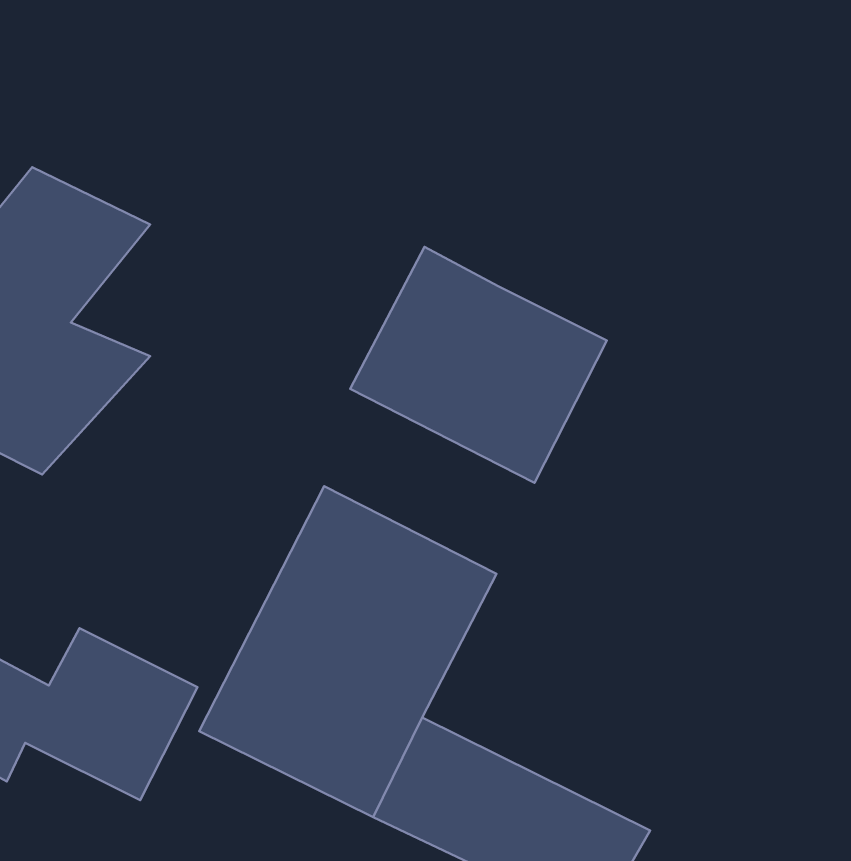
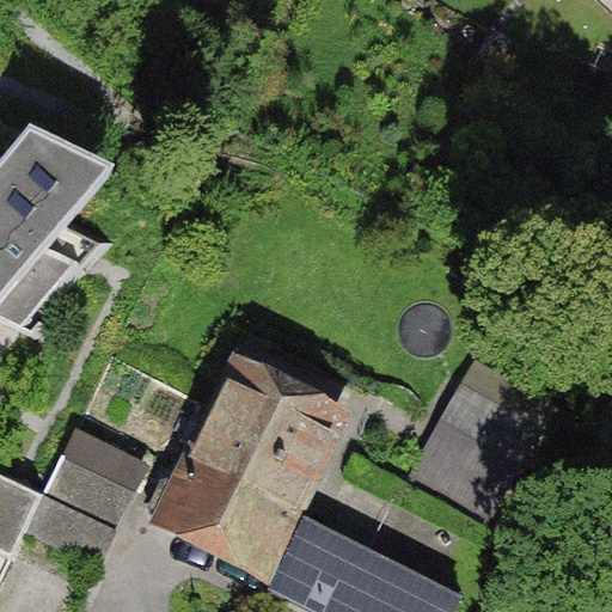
building: [350,247,607,483] -> none
building: none -> [410,381,557,531]

